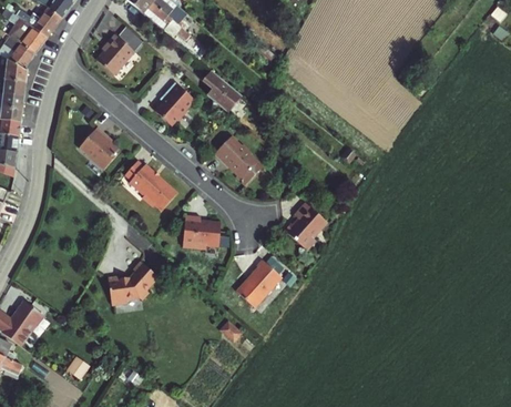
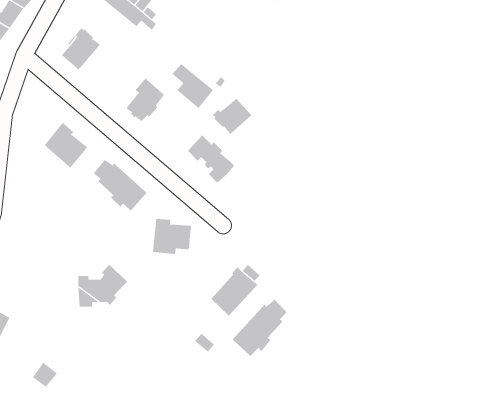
building: none -> [212,98,252,135]
building: [288,205,329,252] -> none
building: none -> [232,299,288,357]

